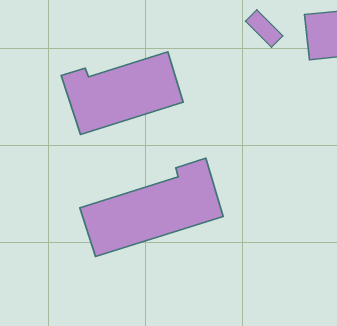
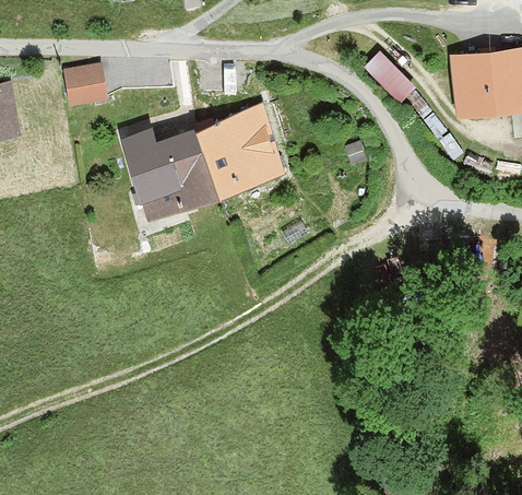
building: none -> [62,68,105,105]
building: [80,158,223,257] -> none

